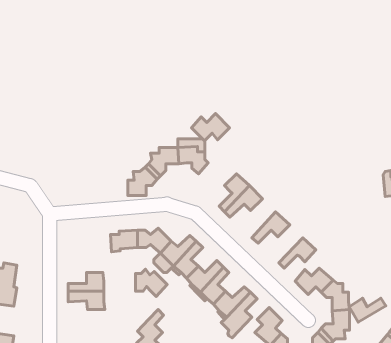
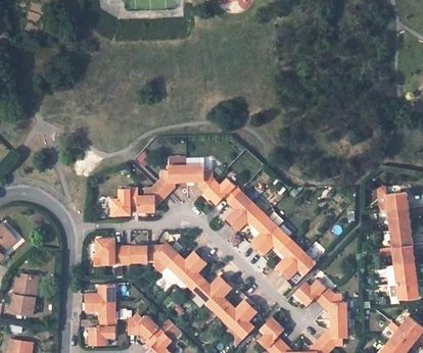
building: [192,114,230,141] -> [204,178,240,203]
building: none -> [112,189,138,214]
building: none -> [248,214,277,251]
building: none -> [96,238,123,264]
building: none -> [274,239,302,274]
building: [136,269,167,296] -> [128,313,157,339]
building: [349,298,386,322] -> none
building: none -> [91,318,116,345]

